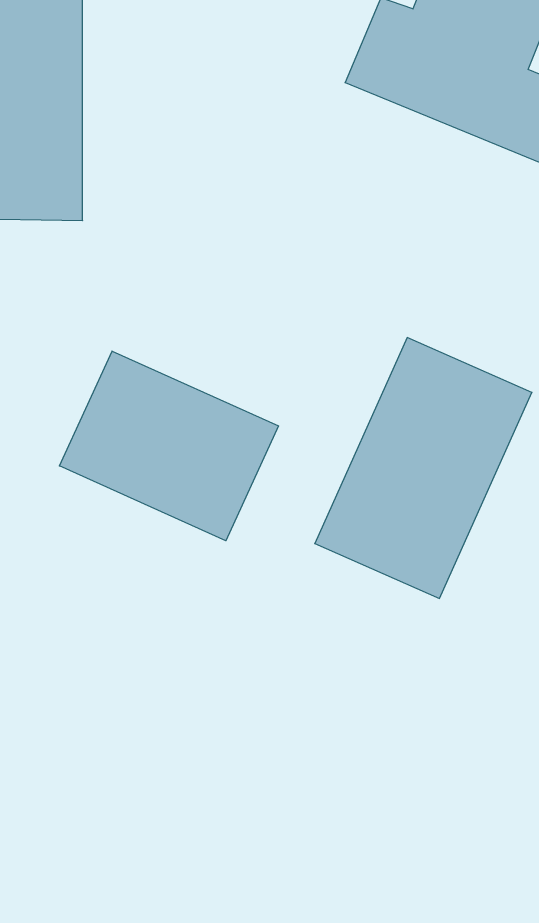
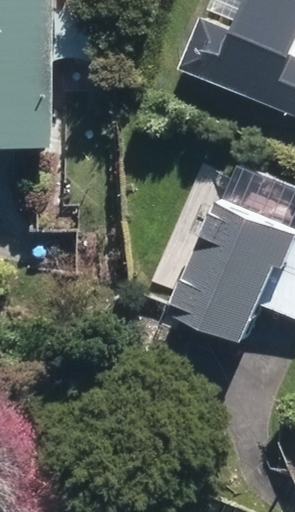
building: [59,351,278,541] -> none

